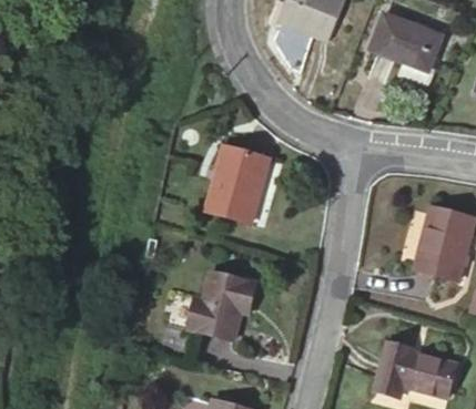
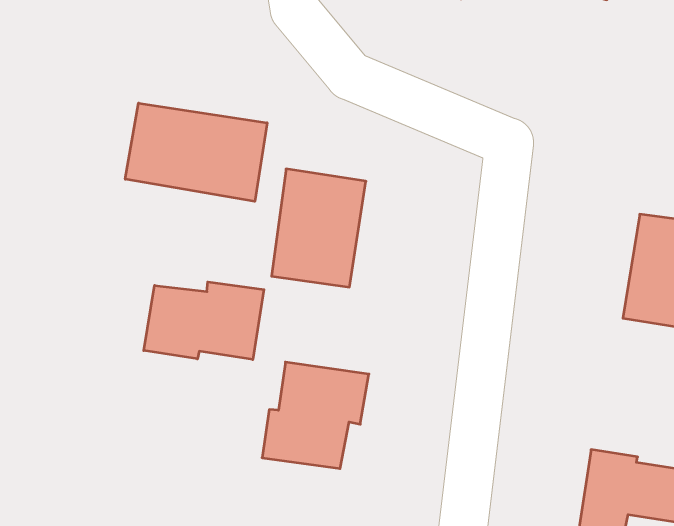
building: none -> [125,103,267,201]
building: none -> [144,282,264,360]

